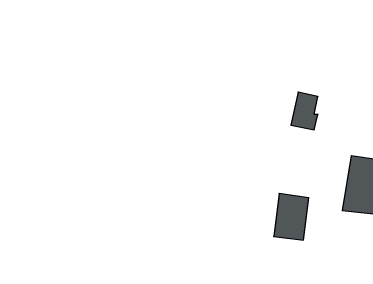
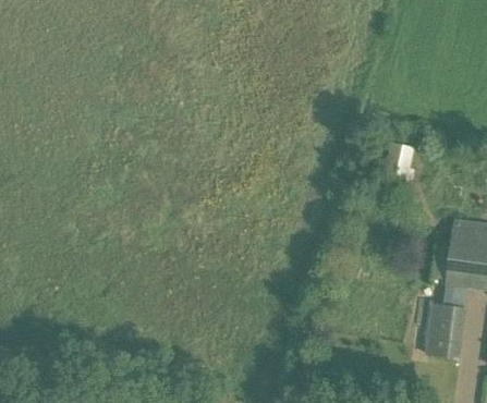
building: [274,193,309,240] -> [425,304,467,361]

